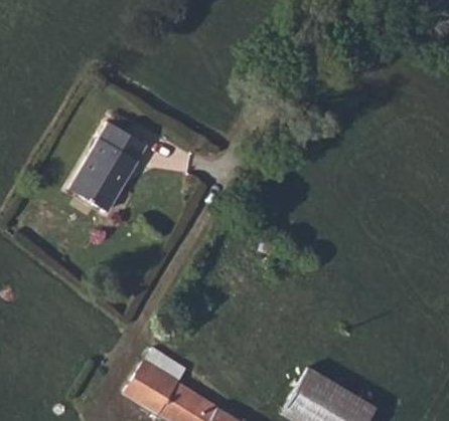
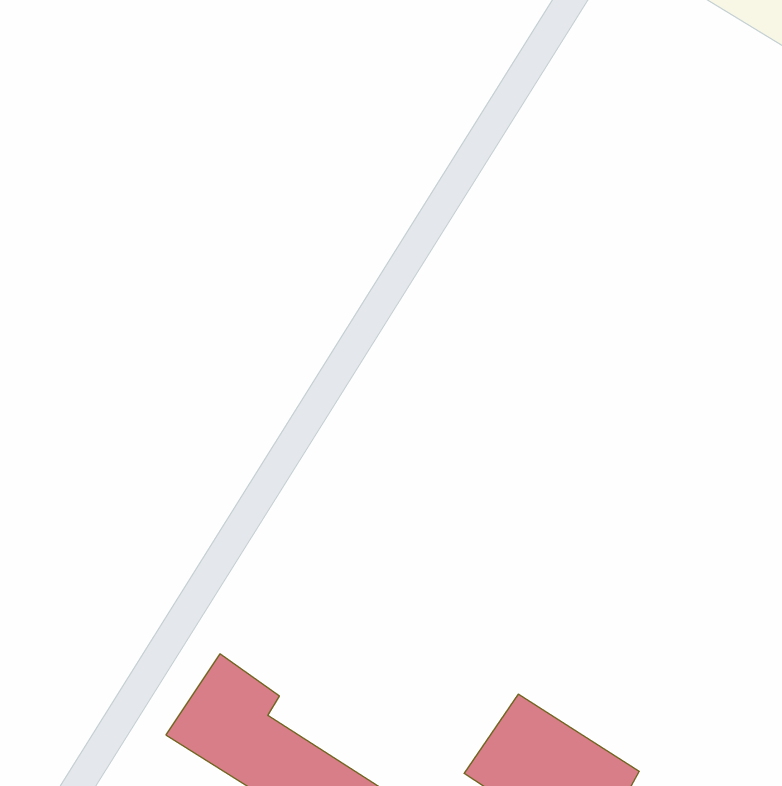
building: [72,126,149,211] -> none

